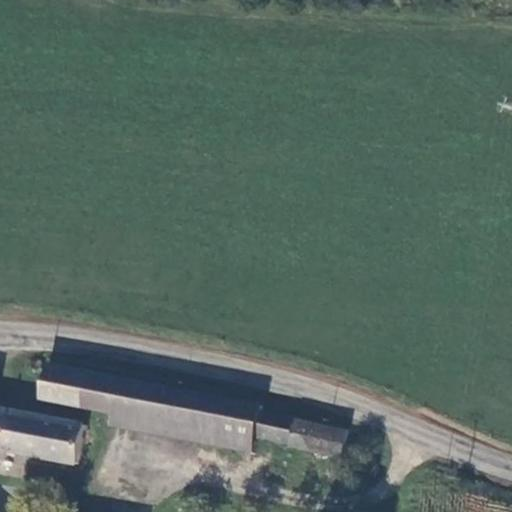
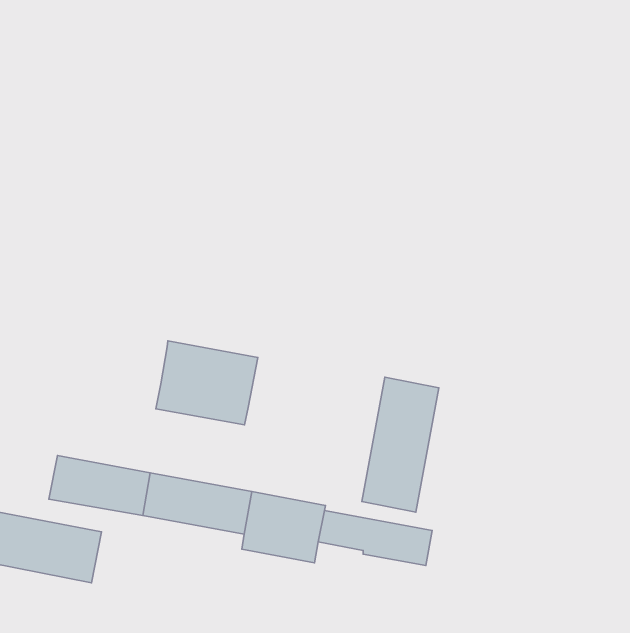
building: none -> [156,341,258,425]
building: none -> [362,377,439,512]

